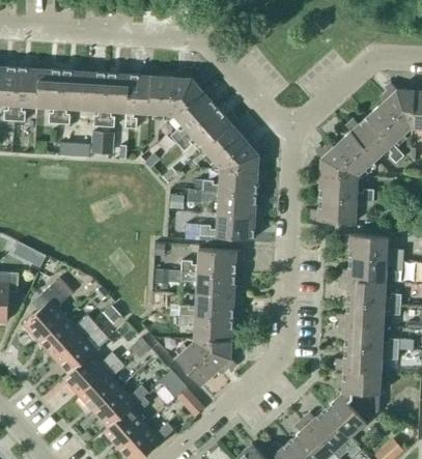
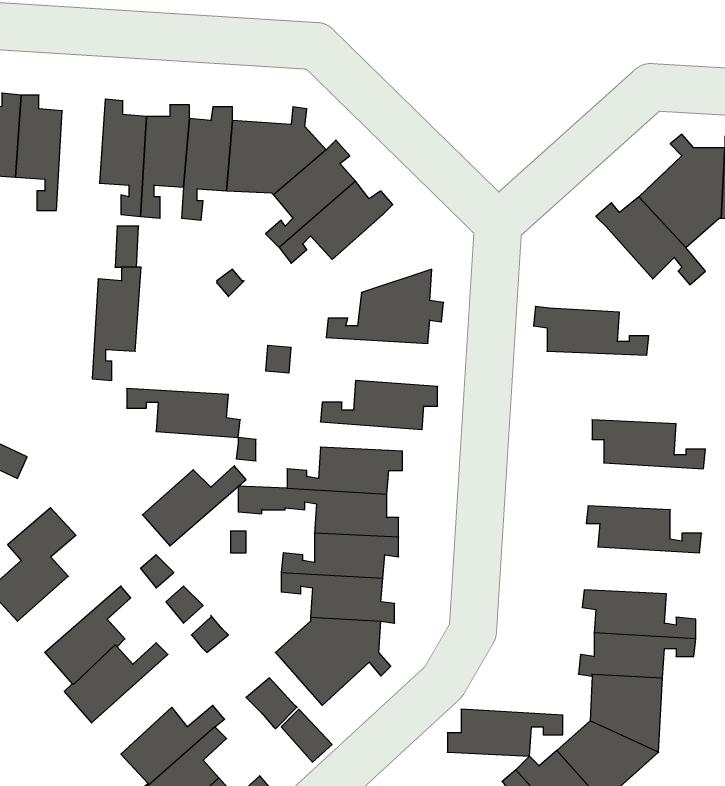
building: [59,65,85,125] -> [92,267,141,381]
building: [205,126,265,168] -> none
building: [315,133,375,178] -> none
building: [202,192,262,218] -> [127,388,240,437]
building: [311,199,372,224] -> none
building: [341,258,402,283] -> none
building: [339,303,400,327] -> [447,709,563,756]
building: [38,316,93,358] -> [142,466,246,546]
building: [78,360,123,412] -> none

